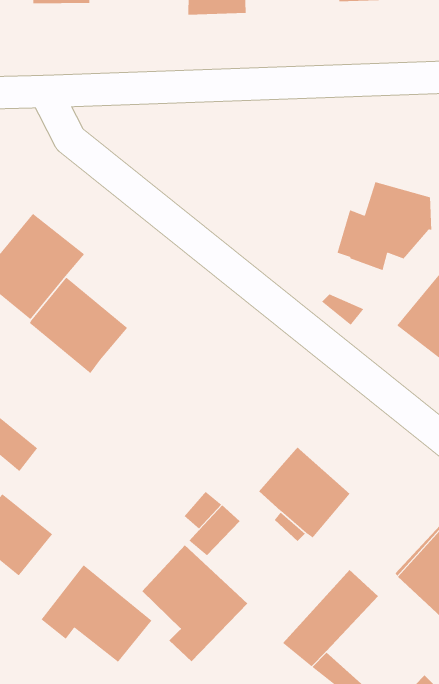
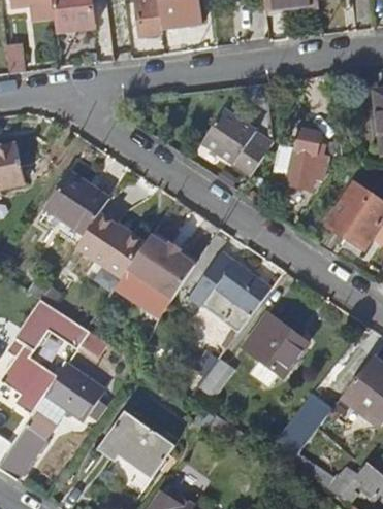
building: none -> [202,109,274,175]
building: none -> [116,231,193,311]
building: none -> [189,252,270,333]
building: [141,545,248,662] -> none

